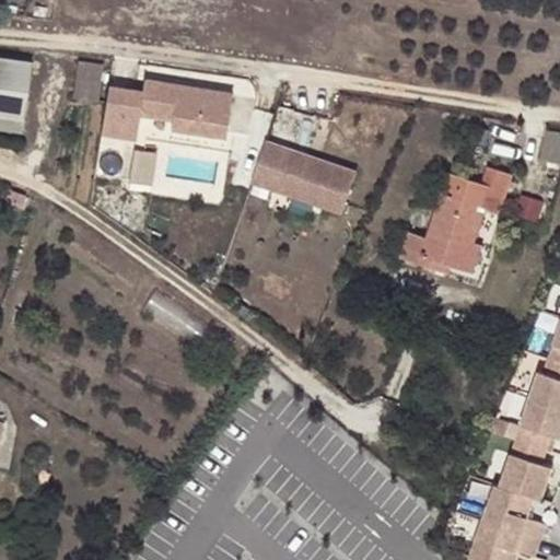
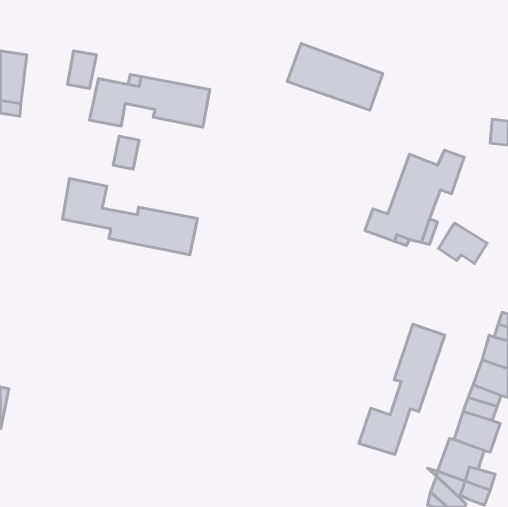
building: [250,141,355,214] -> [287,44,383,110]
building: none -> [62,178,197,255]
building: none -> [439,223,487,264]
building: none -> [359,324,445,454]

